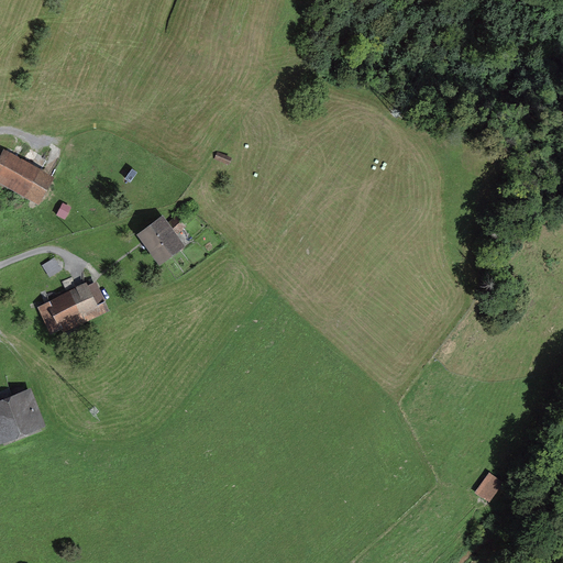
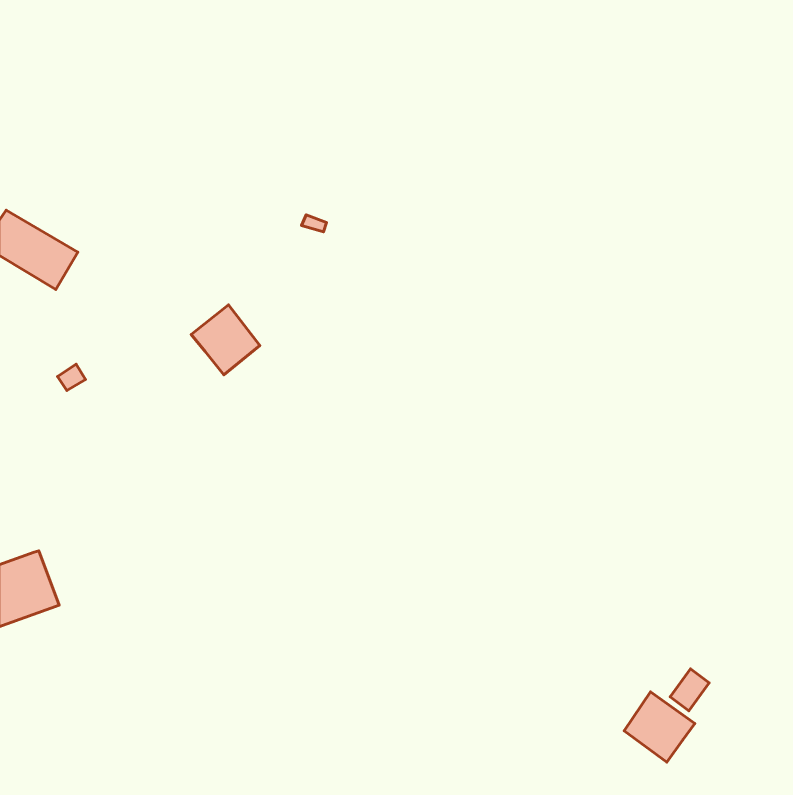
building: [36,280,109,338] -> none
building: none -> [624,692,695,762]

